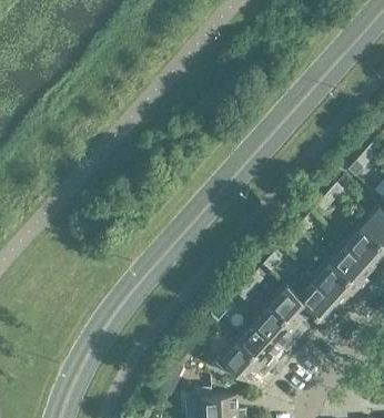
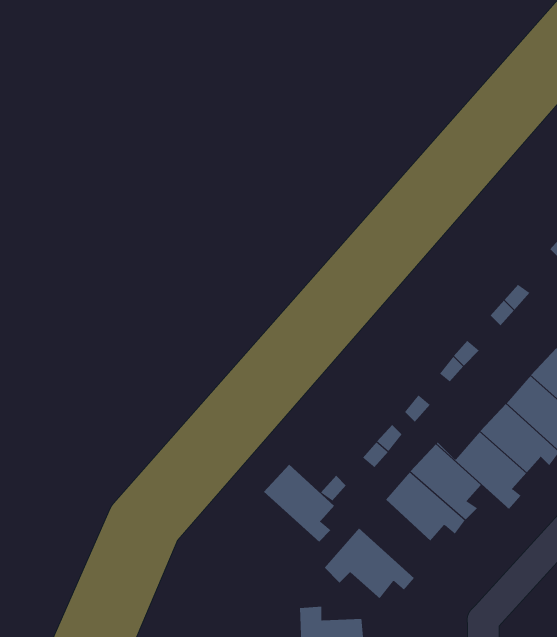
building: [235,320,281,370] -> [263,464,335,542]

